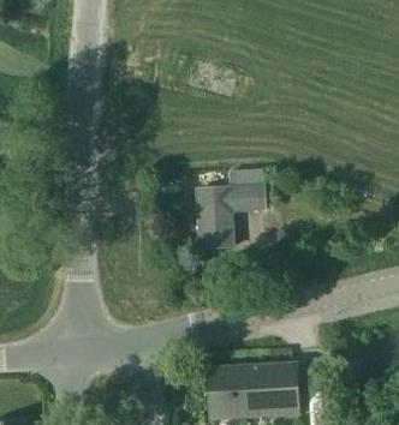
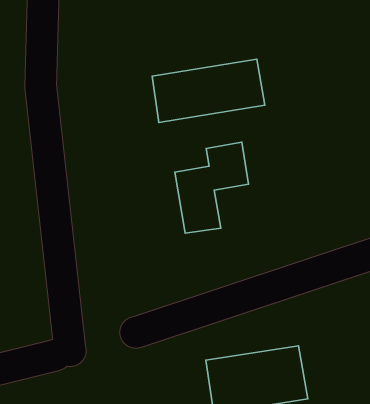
building: none -> [152,59,265,123]

